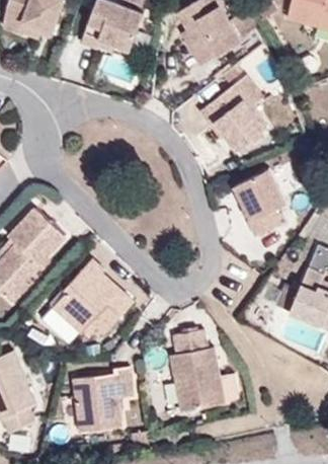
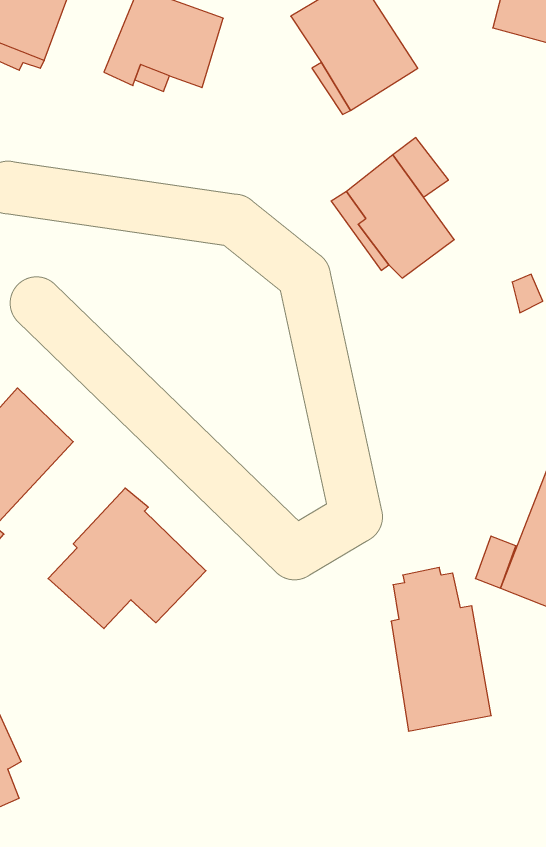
building: [235,167,288,236] -> none
building: [171,324,224,410] -> [391,567,491,731]
building: [75,368,134,432] -> none

